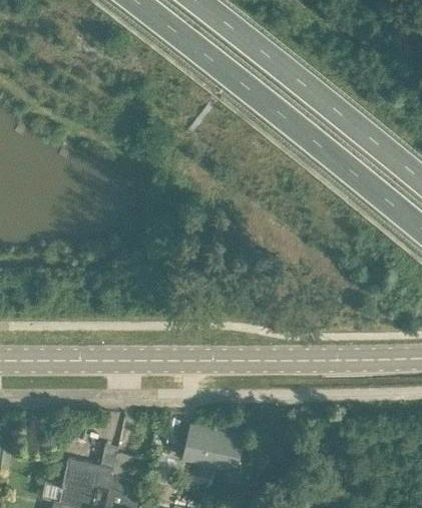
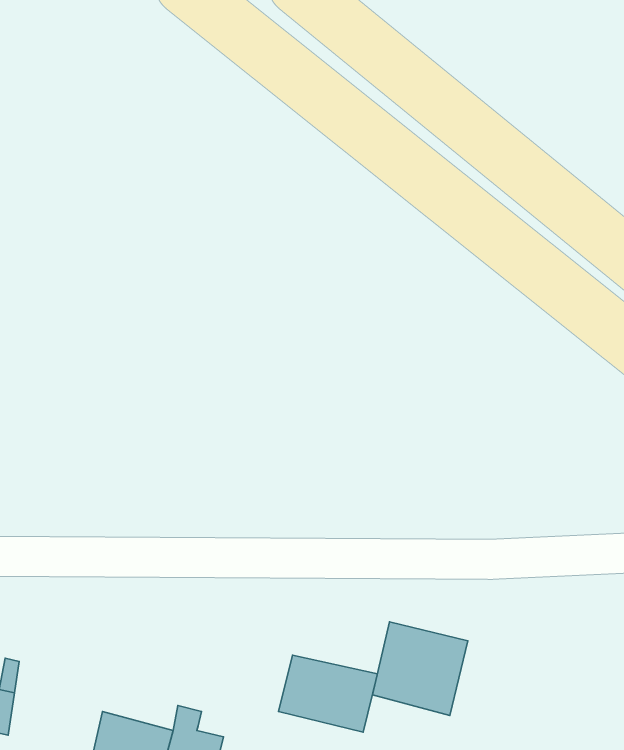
building: none -> [372,622,468,716]

